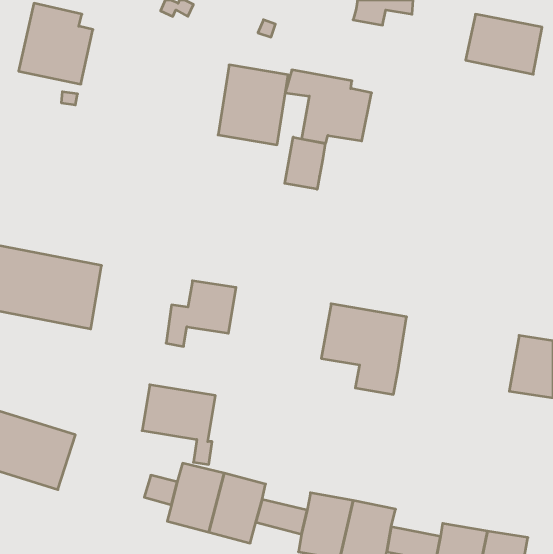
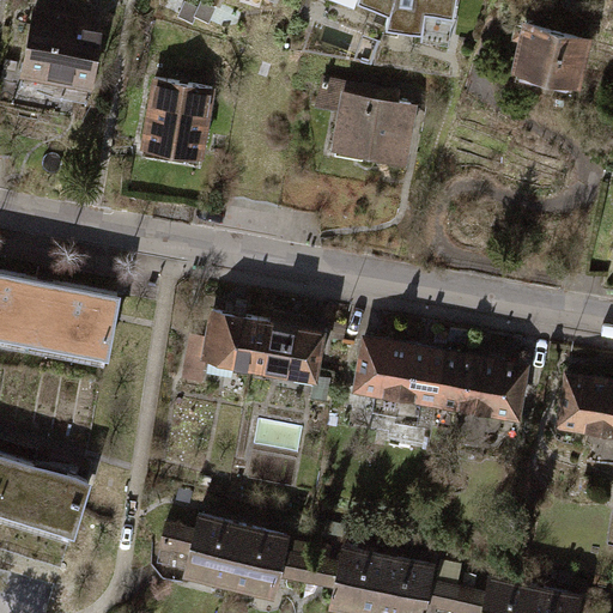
building: [218,65,288,145] -> [140,80,217,168]
building: [285,137,325,189] -> none
building: none -> [436,352,528,426]
building: [142,385,215,464] -> [250,320,330,407]

